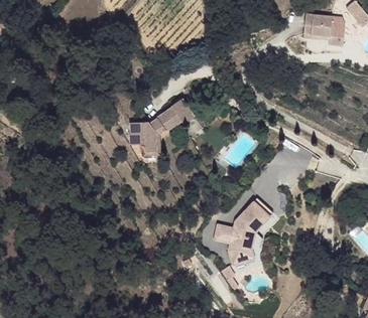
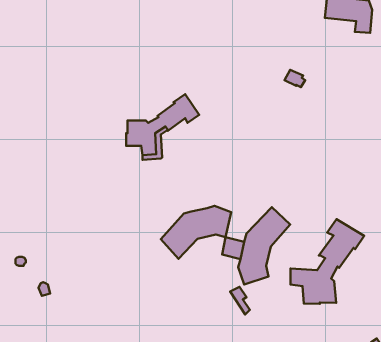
building: none -> [161,206,231,259]
building: none -> [290,219,364,304]

